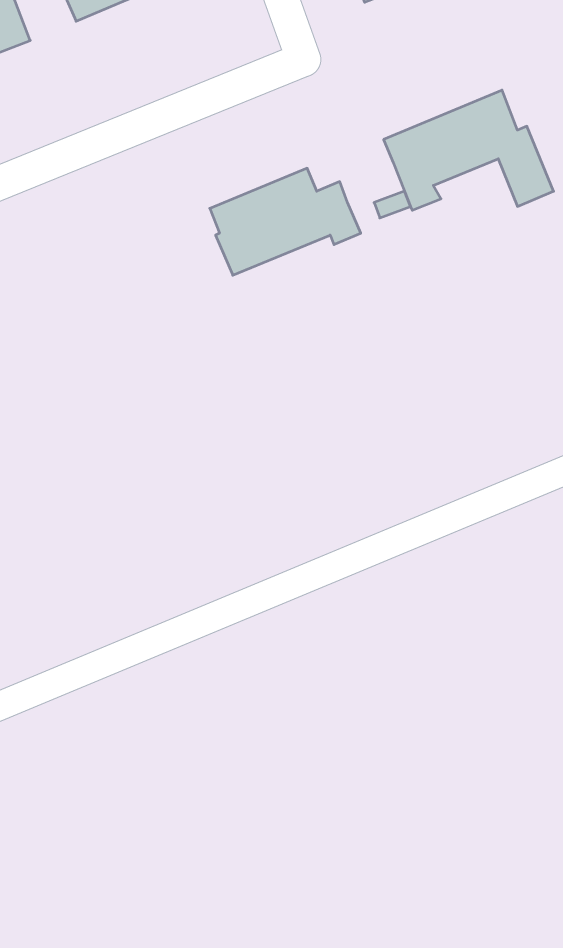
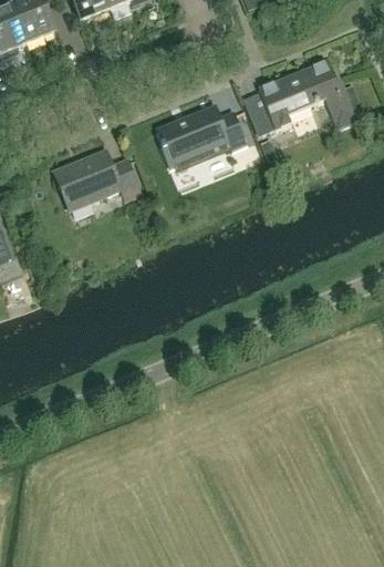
building: none -> [54,150,141,209]

